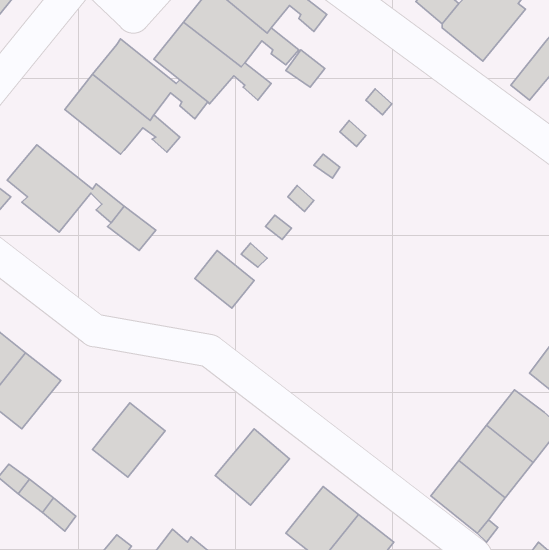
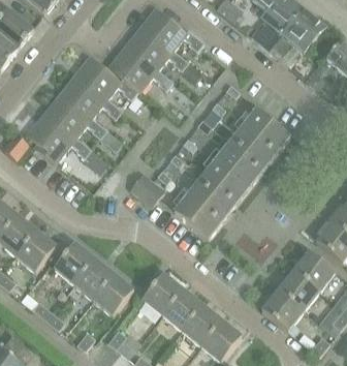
building: none -> [42,95,122,151]
building: none -> [174,110,289,239]
building: none -> [54,242,94,284]
building: none -> [93,274,133,316]
building: none -> [161,289,201,331]

